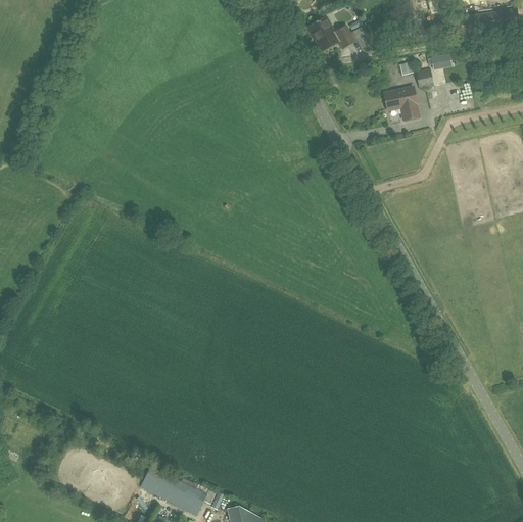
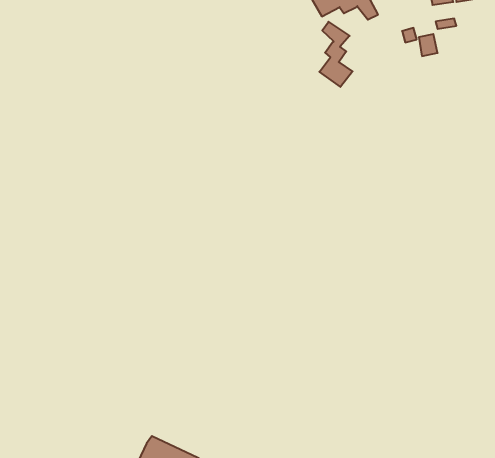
building: none -> [319,22,353,87]
building: [383,86,419,120] -> none

